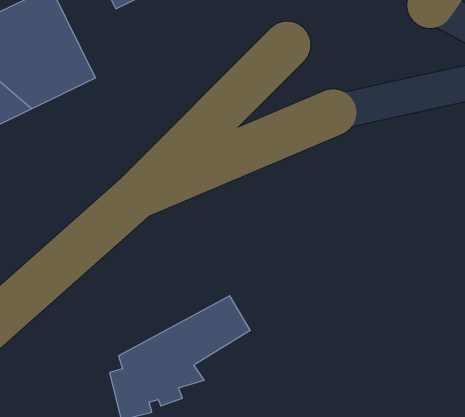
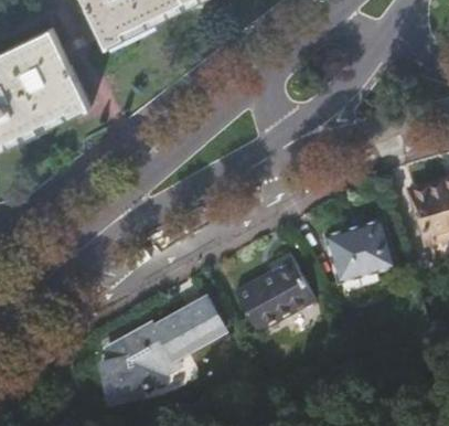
building: none -> [325,219,396,281]
building: none -> [236,253,317,329]

